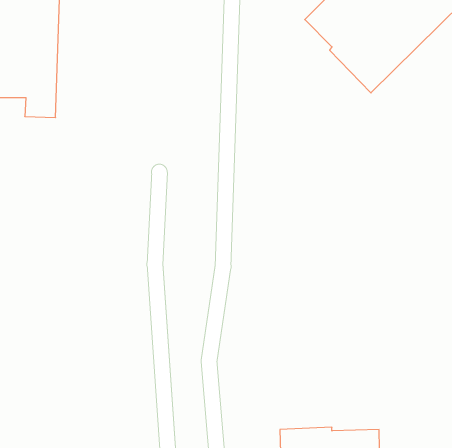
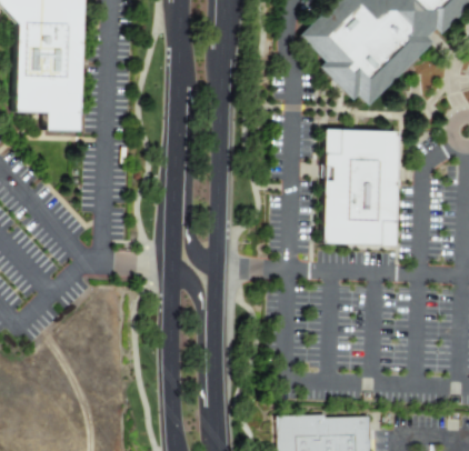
building: none -> [322,123,402,247]

